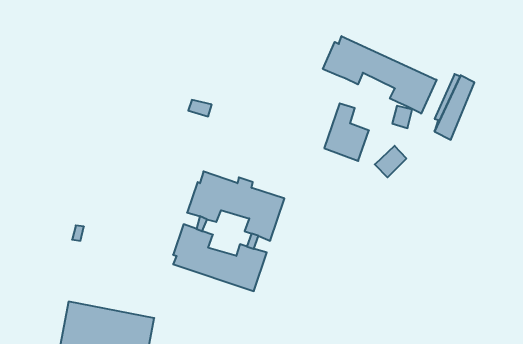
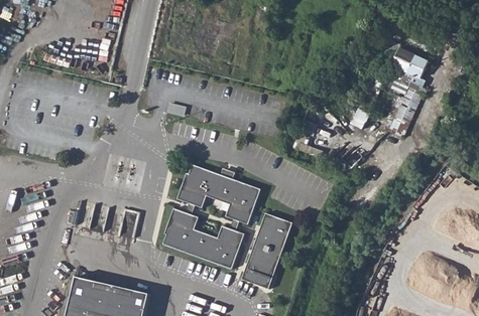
building: none -> [390,47,428,77]
building: [323,36,437,114] -> none
building: none -> [243,211,292,287]

